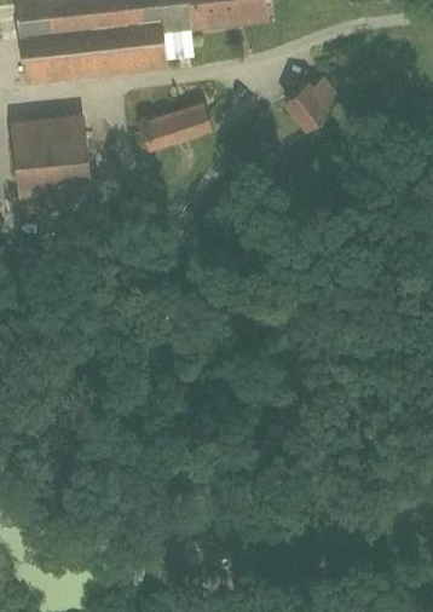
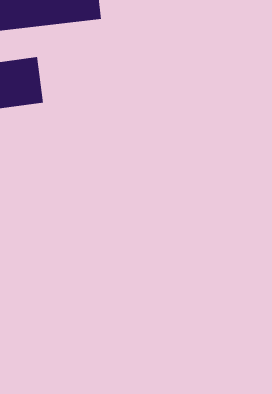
building: [282,75,337,129] -> none
building: [142,103,210,150] -> none

